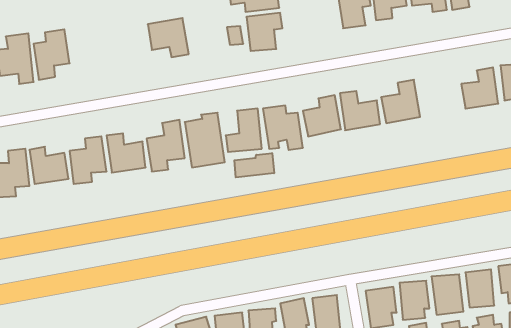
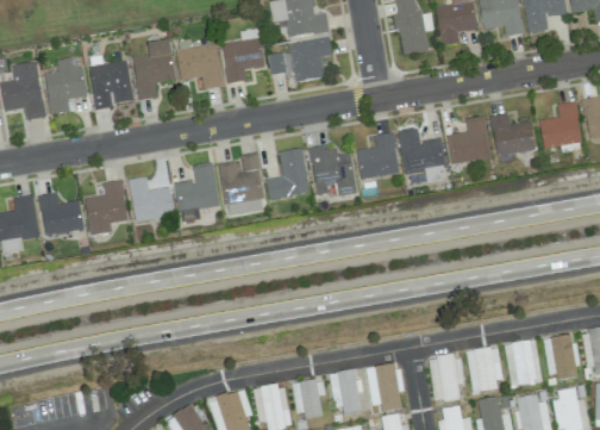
building: none -> [223,37,265,83]
building: none -> [133,39,174,99]
building: none -> [89,60,133,110]
building: none -> [490,113,536,156]
building: [234,153,274,177] -> none

